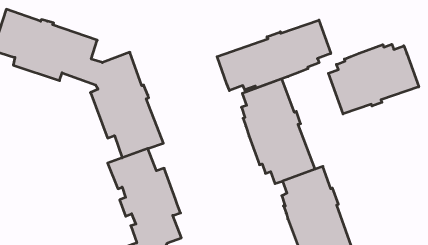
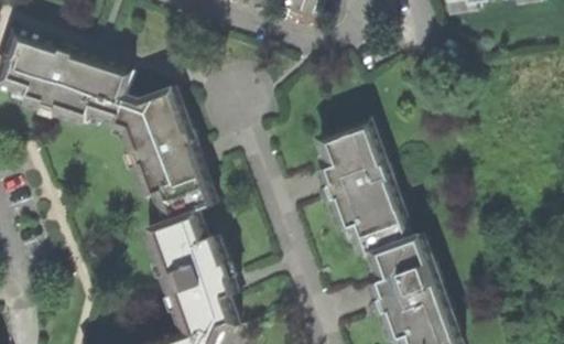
building: [217,20,331,91] -> none
building: [328,44,419,114] -> none

